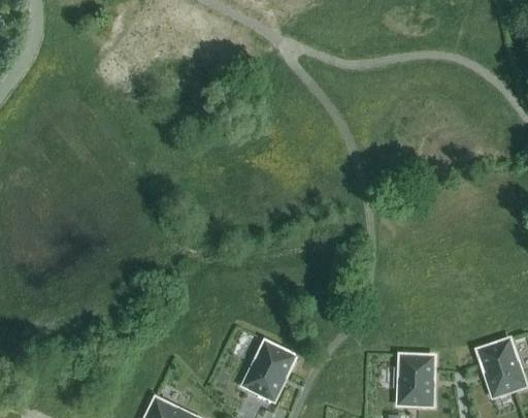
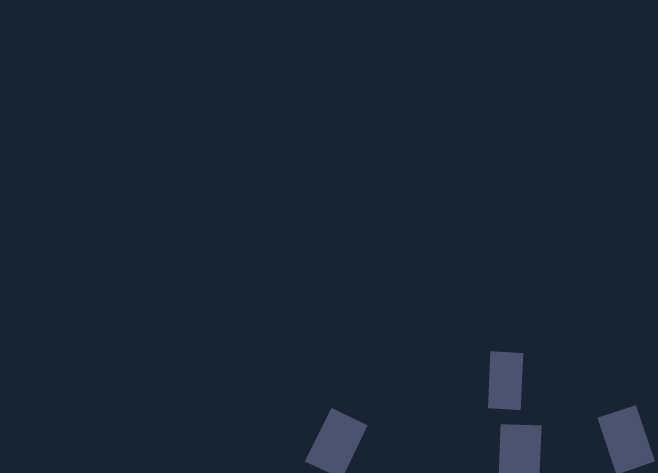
building: none -> [487,351,524,411]

